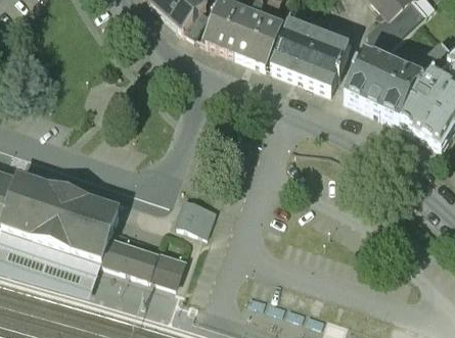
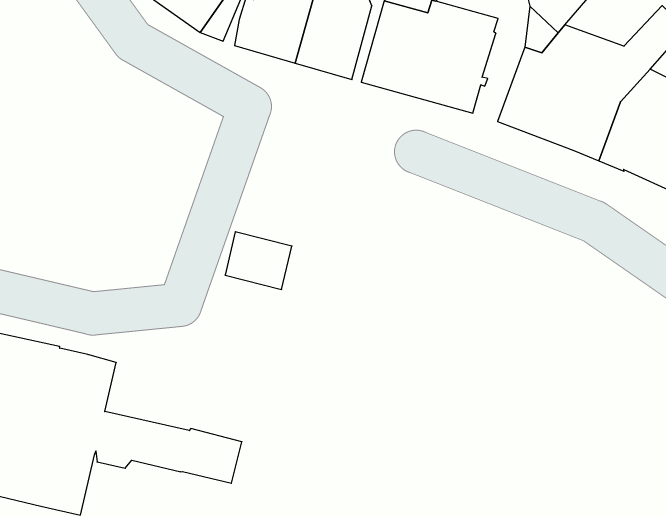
building: [176,198,215,233] -> [225,232,292,289]

